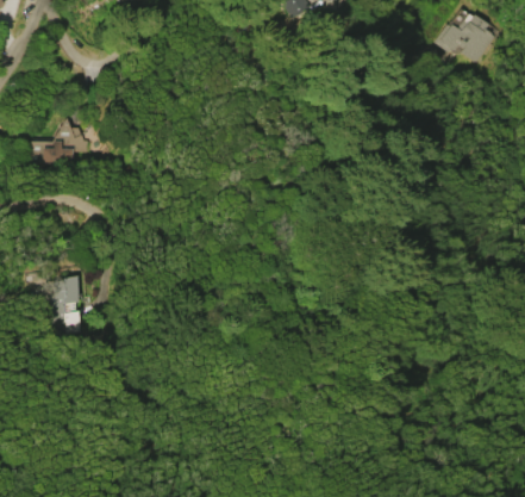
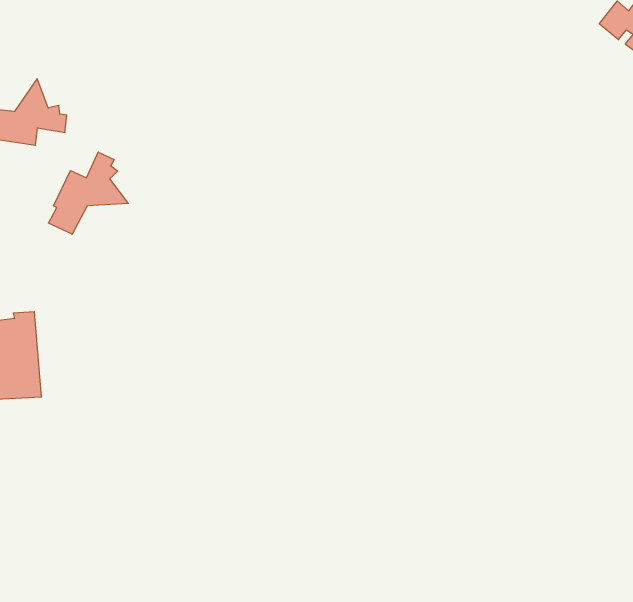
building: none -> [48,152,128,234]

